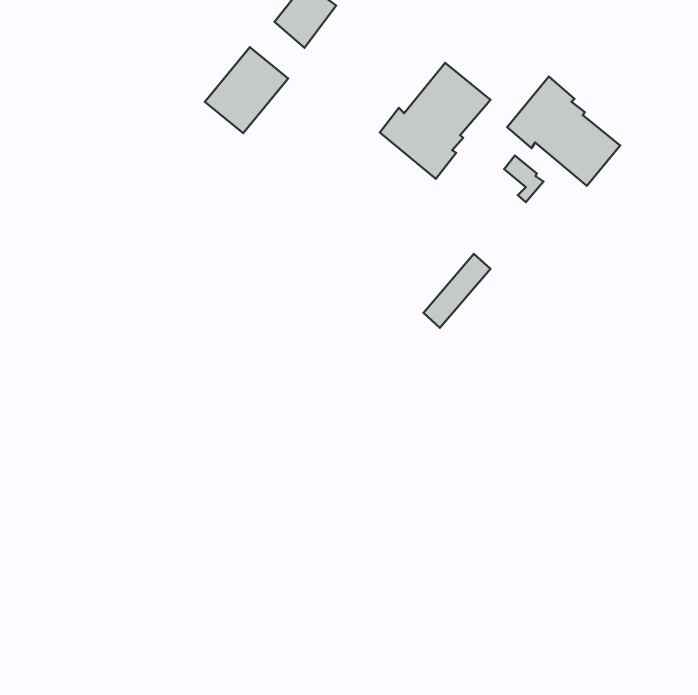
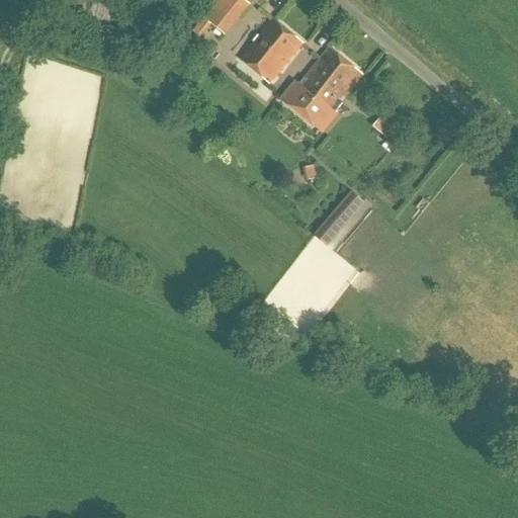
building: [205,47,288,133] -> [241,18,303,82]
building: [507,77,620,186] -> none

